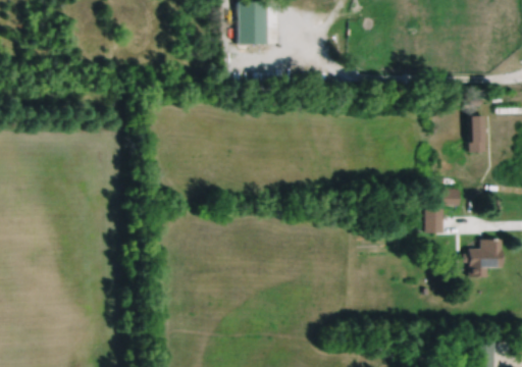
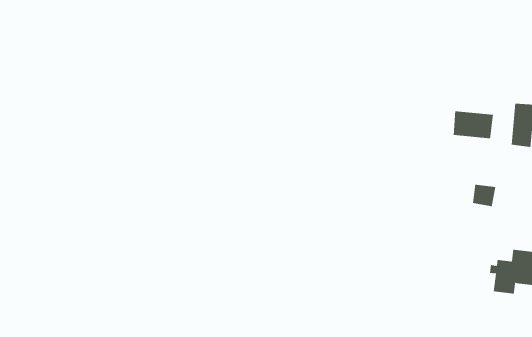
building: none -> [453,111,493,139]
building: [425,209,443,233] -> none

